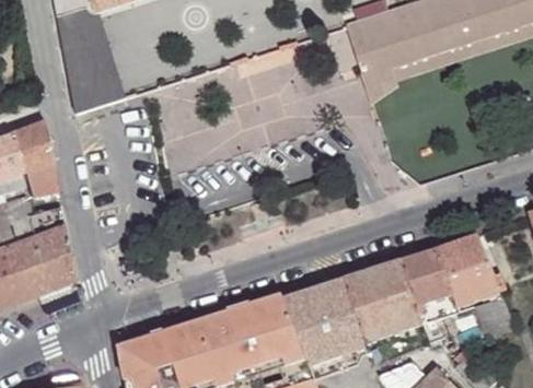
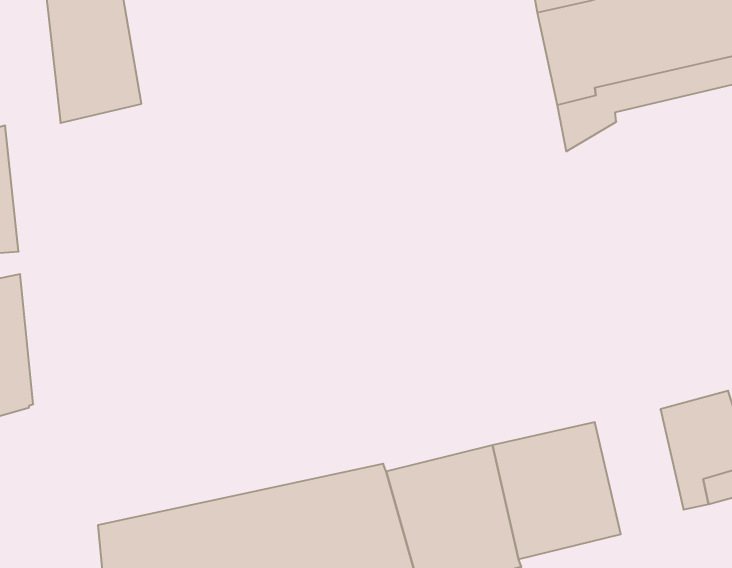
building: [401,247,459,321] -> none

